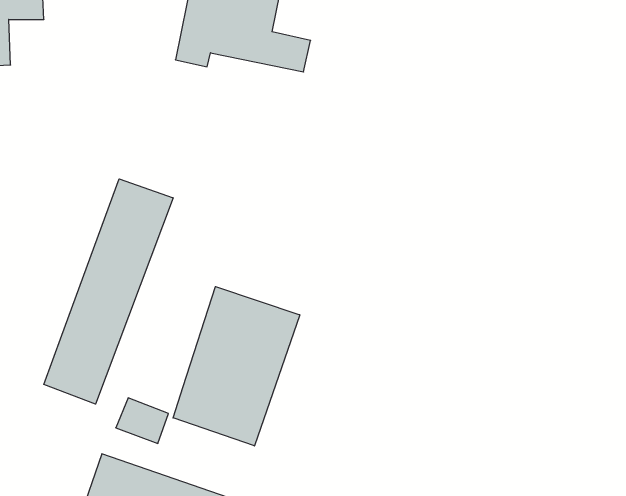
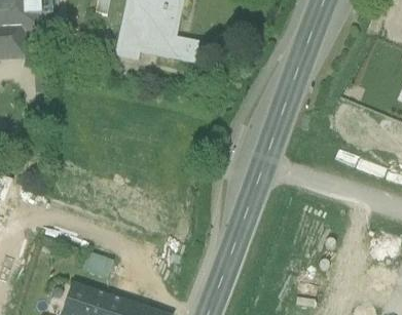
building: [44,179,173,404] -> none
building: [173,287,300,446] -> none

